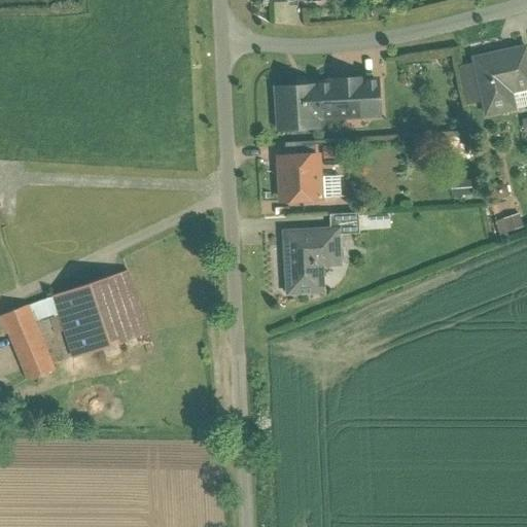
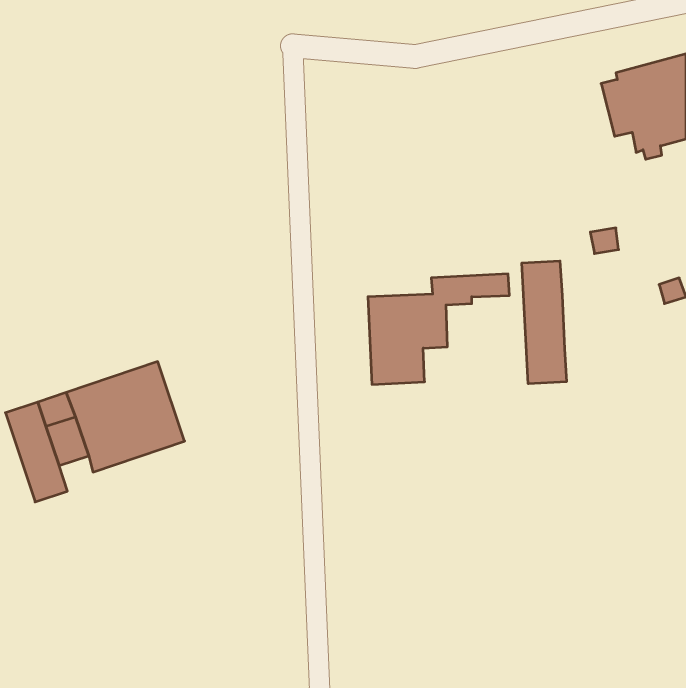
building: [273,74,381,131] -> none
building: [274,140,344,202] -> none
building: none -> [522,261,566,384]

